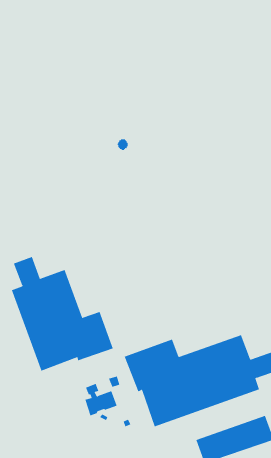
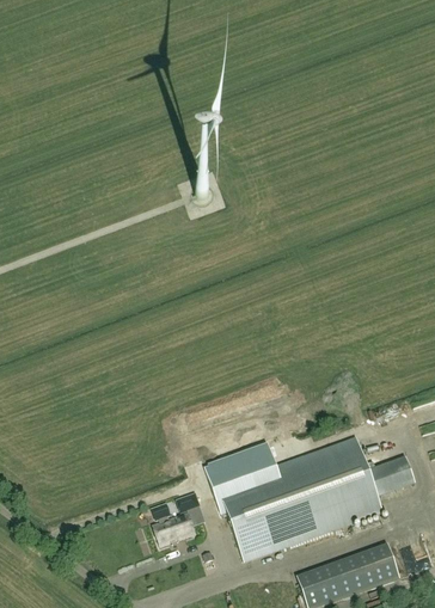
building: [11,256,114,371] -> none

